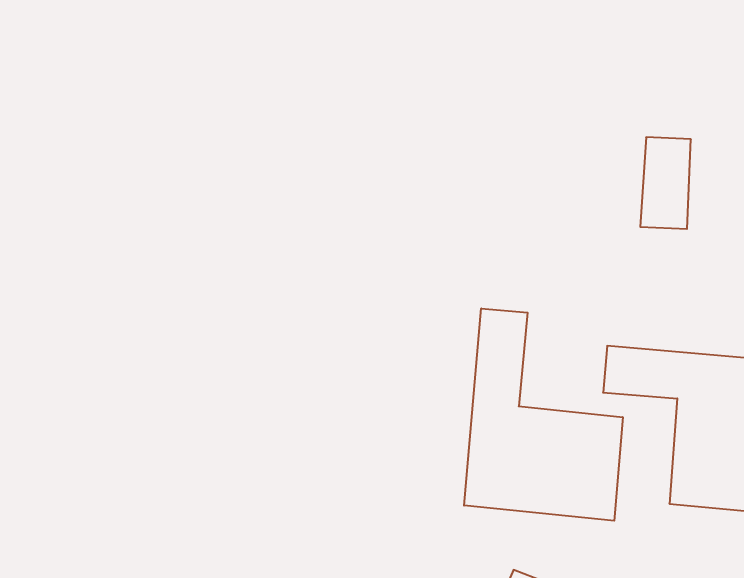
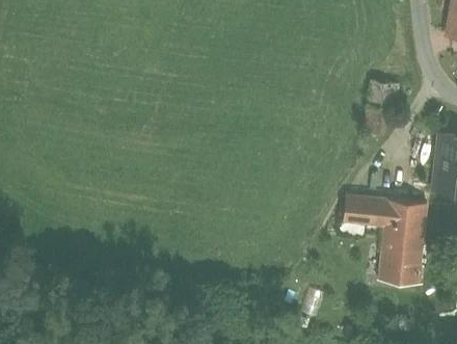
building: [464,308,623,521] -> none

